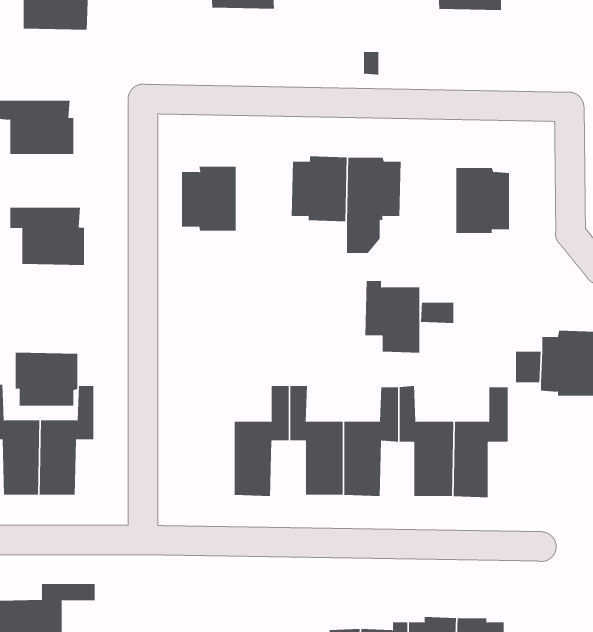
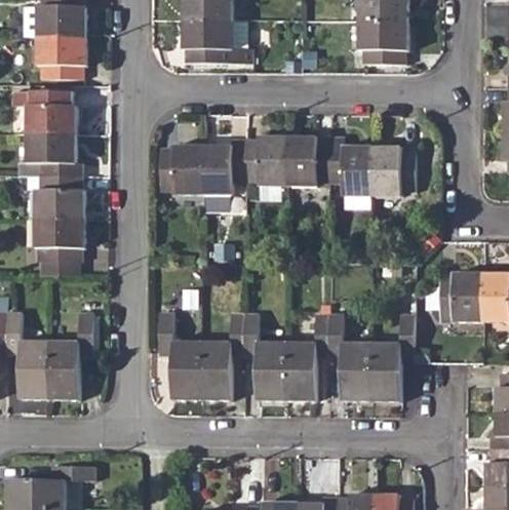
building: none -> [184,21,252,64]
building: none -> [359,22,409,65]
building: none -> [37,37,87,81]
building: none -> [27,134,82,175]
building: none -> [203,140,246,195]
building: [365,280,420,353] -> [330,140,374,196]
building: [15,352,78,406] -> [36,220,85,262]
building: none -> [158,313,201,399]

